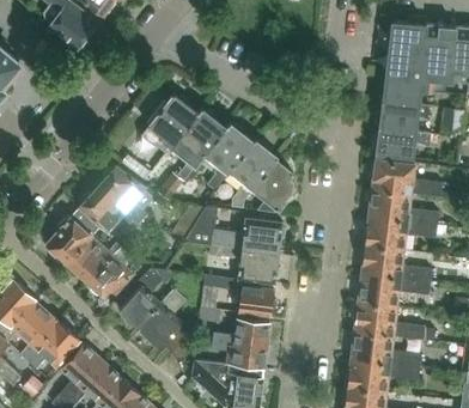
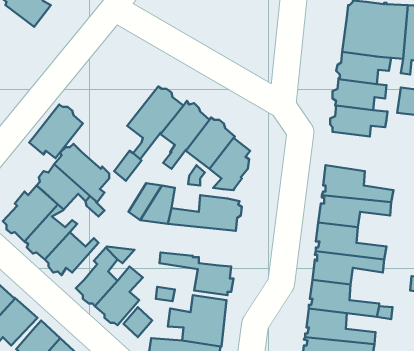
building: [145,95,199,148] -> [29,104,83,158]
building: [370,159,441,197] -> none
building: [211,246,281,285] -> none

